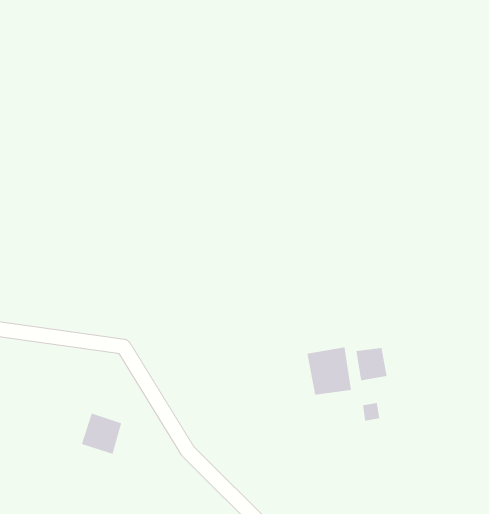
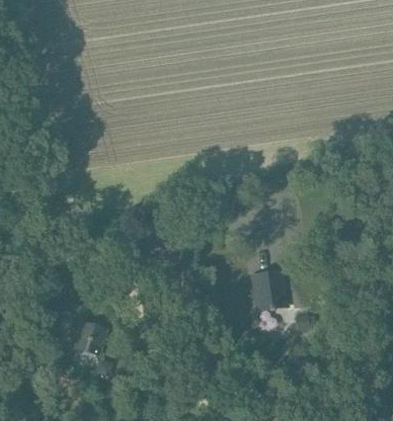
building: [355,347,387,381] -> none

